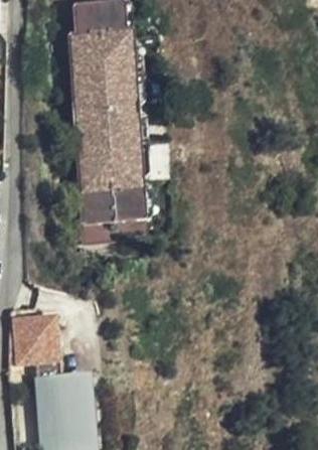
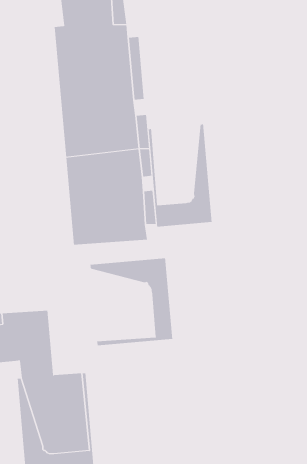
building: none -> [148,123,212,228]
building: none -> [90,258,173,346]

